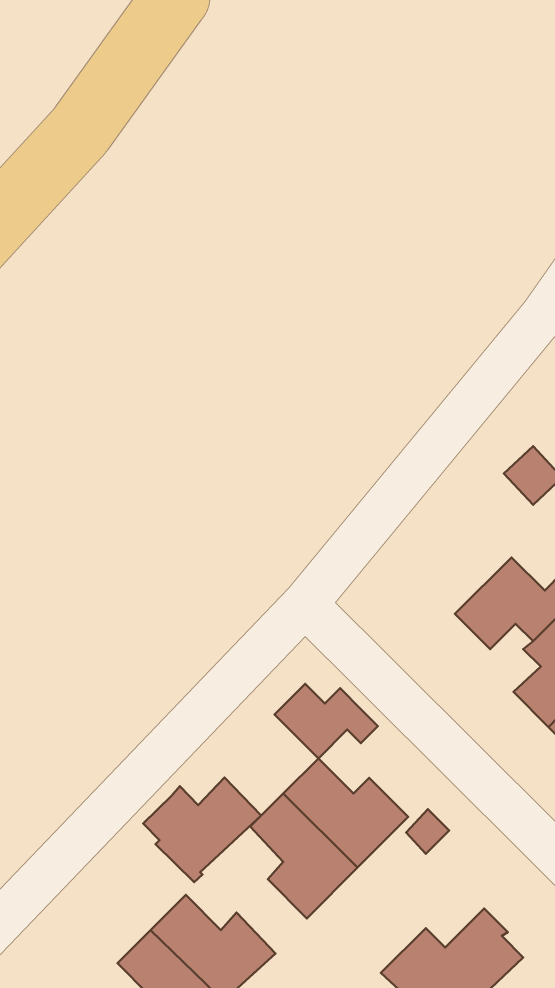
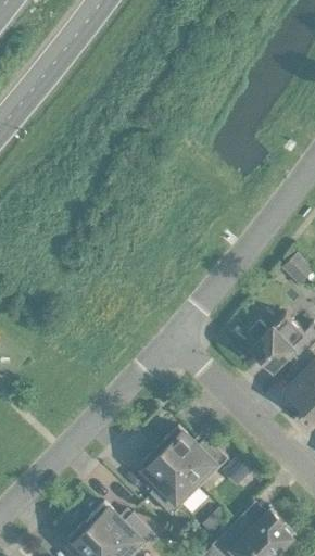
building: [275,684,378,758] -> none
building: [143,778,261,882] -> none

